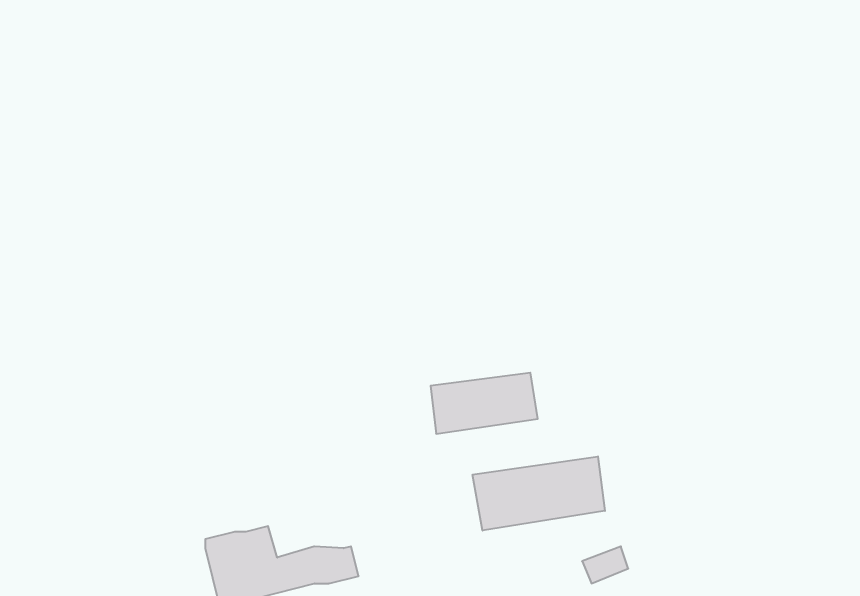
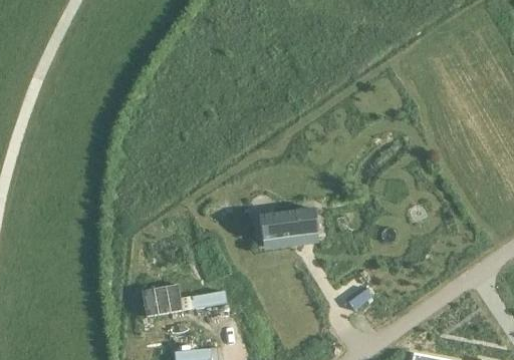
building: [473,456,605,531] -> none

